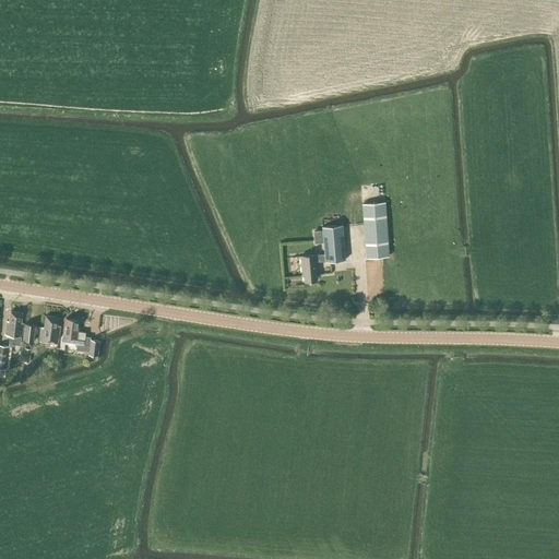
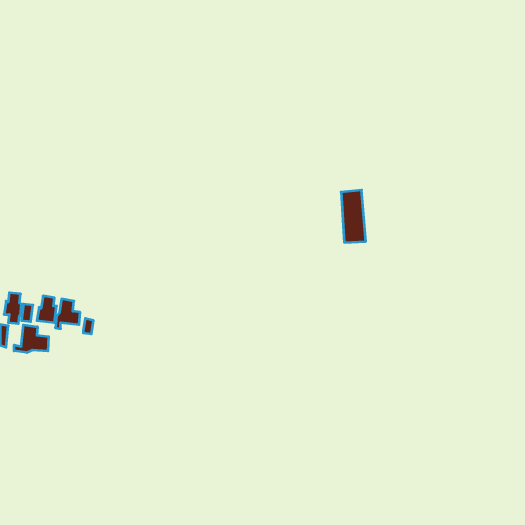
building: [300,225,345,282] -> none
building: none -> [14,325,49,353]

